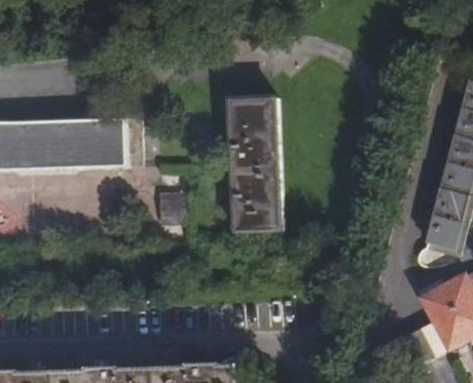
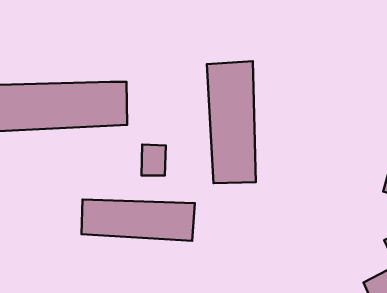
building: none -> [81,200,195,241]

